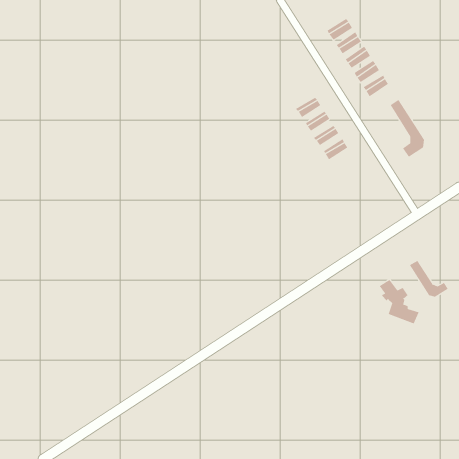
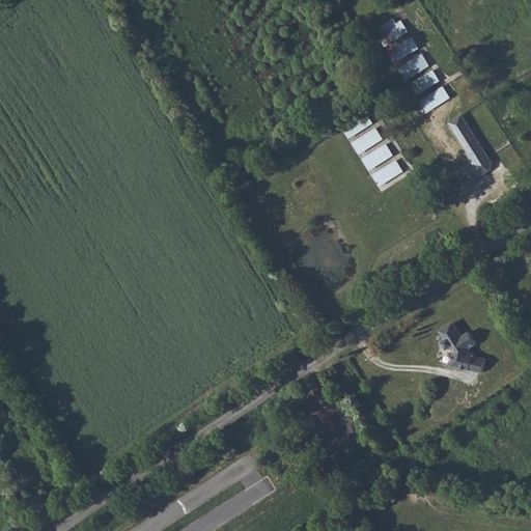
building: [409,260,448,298] -> none

